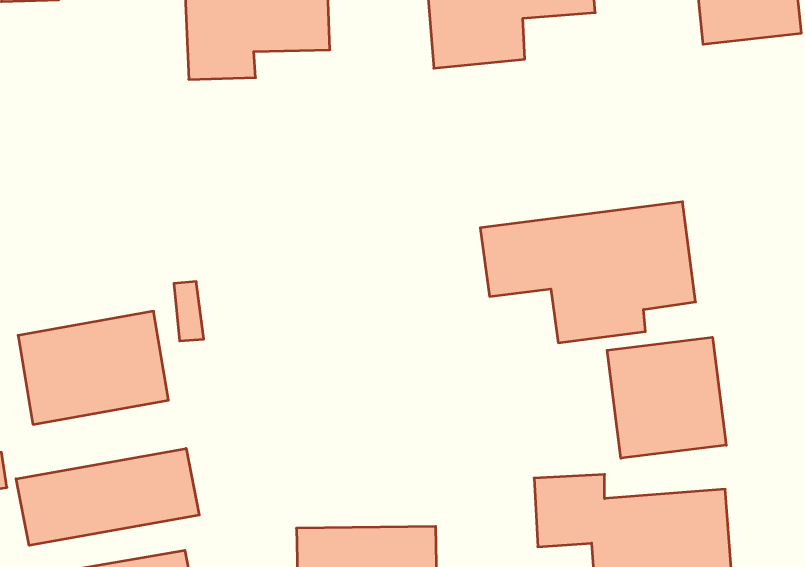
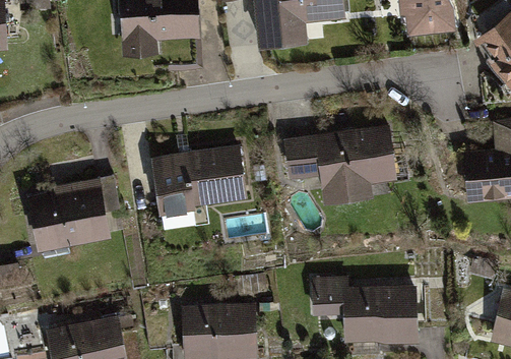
building: none -> [150,143,250,214]
building: [607,337,726,458] -> none
building: [16,448,199,545] -> none

